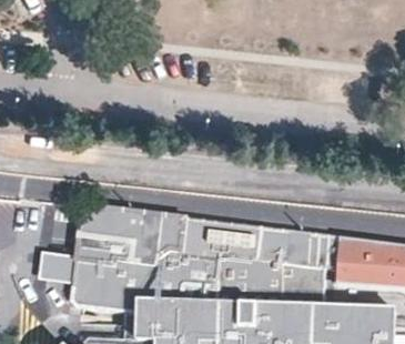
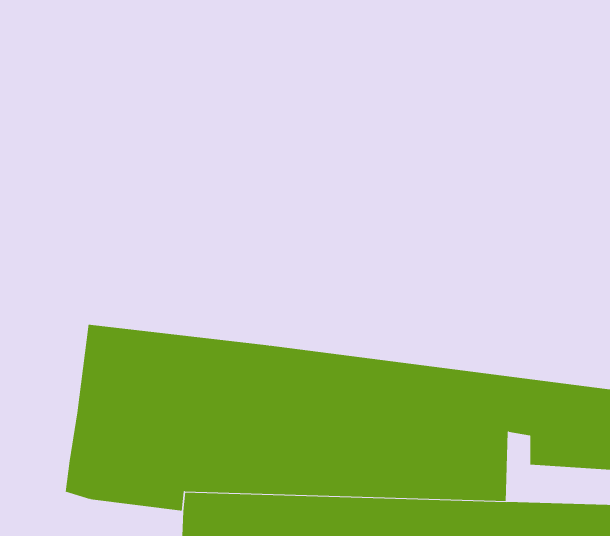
building: [45,257,83,290] -> none

